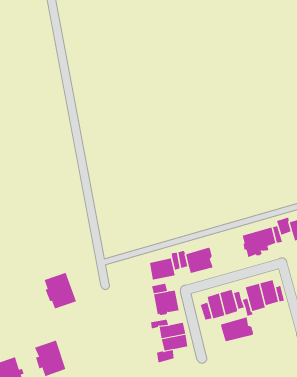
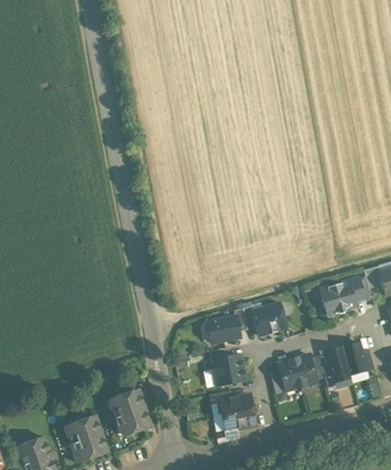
building: [44,272,77,309] -> [110,390,150,435]
building: [220,316,254,342] -> none

